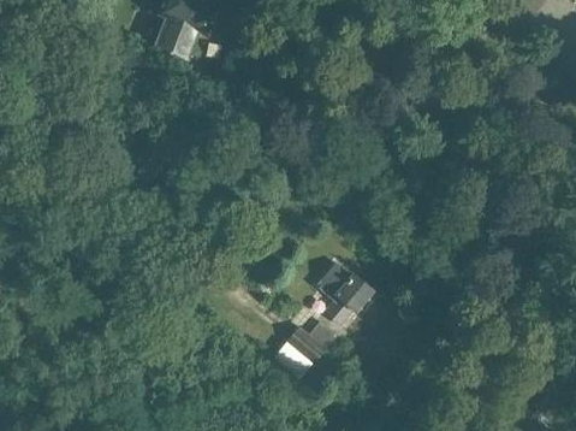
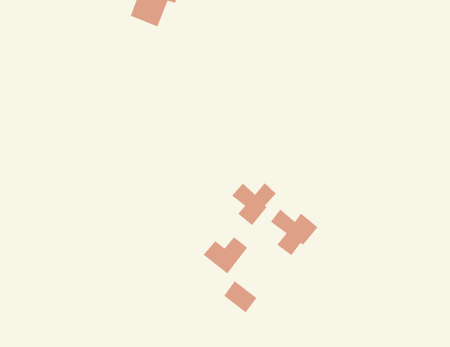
building: none -> [231,182,276,226]
building: [285,320,338,365] -> [203,236,248,275]

